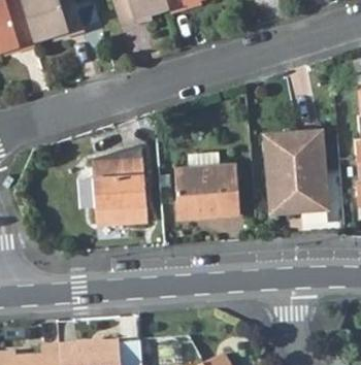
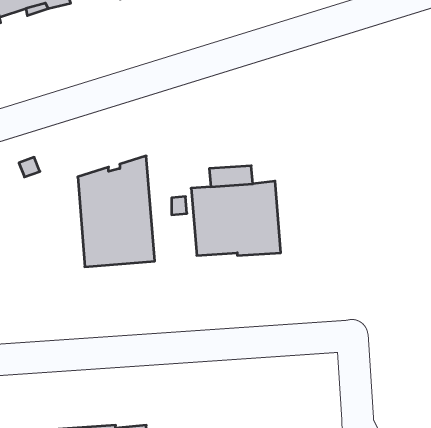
building: [265,129,328,209] -> none

